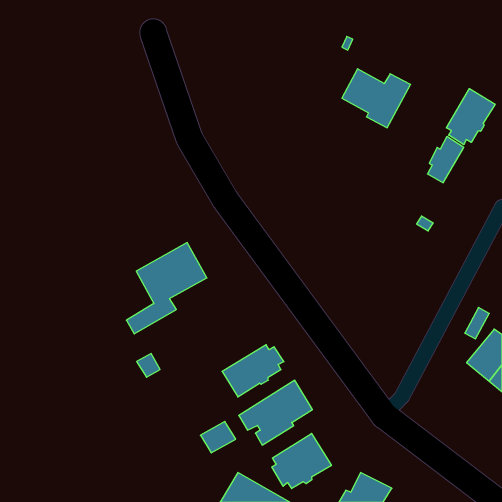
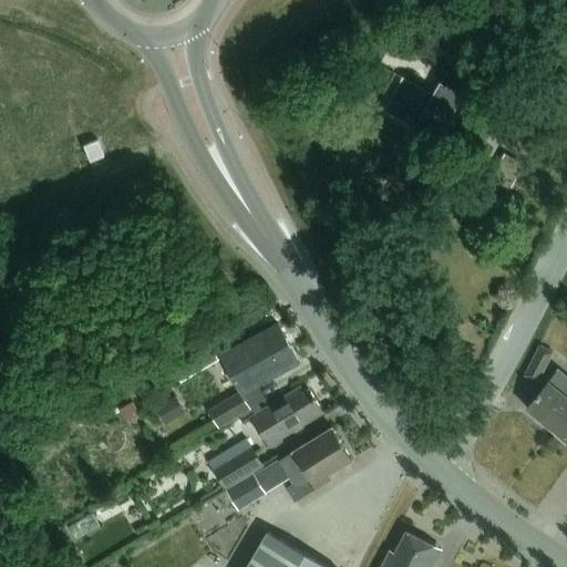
building: [446,89,495,145] -> none
building: [126,243,207,334] -> [209,324,300,427]
building: none -> [213,447,262,489]
building: [272,433,331,489] -> none

